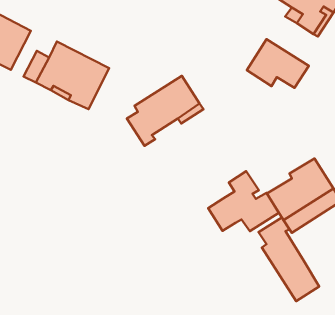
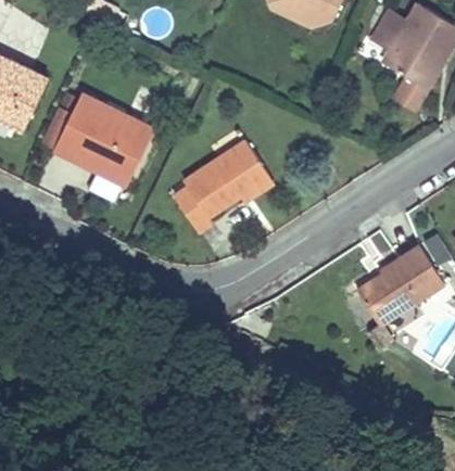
building: [247,39,309,88] -> none
building: [208,171,279,231] -> none
building: [259,217,319,301] -> none

